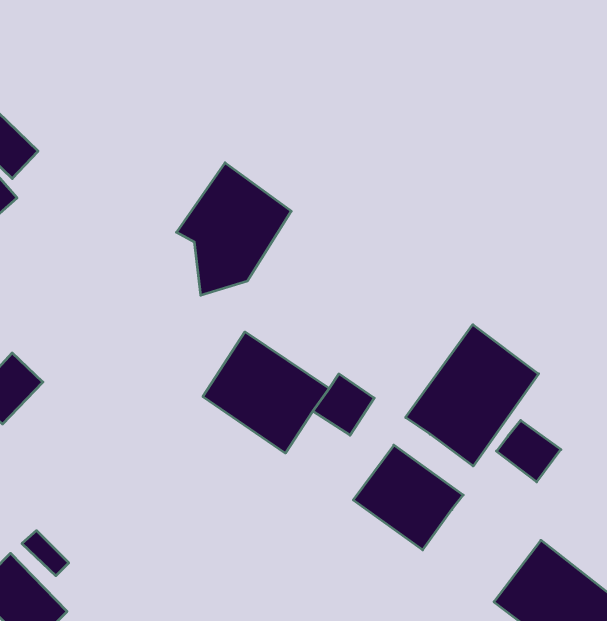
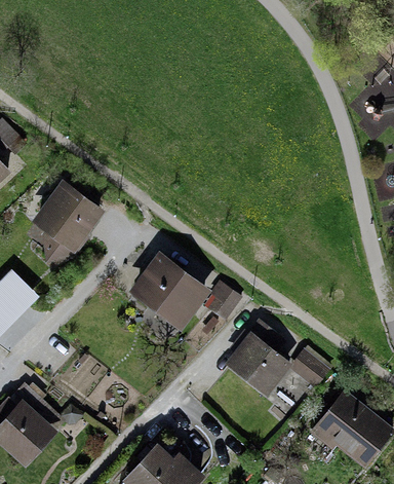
building: [176,163,291,295] -> [33,178,106,262]
building: [406,325,539,466] -> none
building: [496,420,561,482] -> [288,350,329,389]

